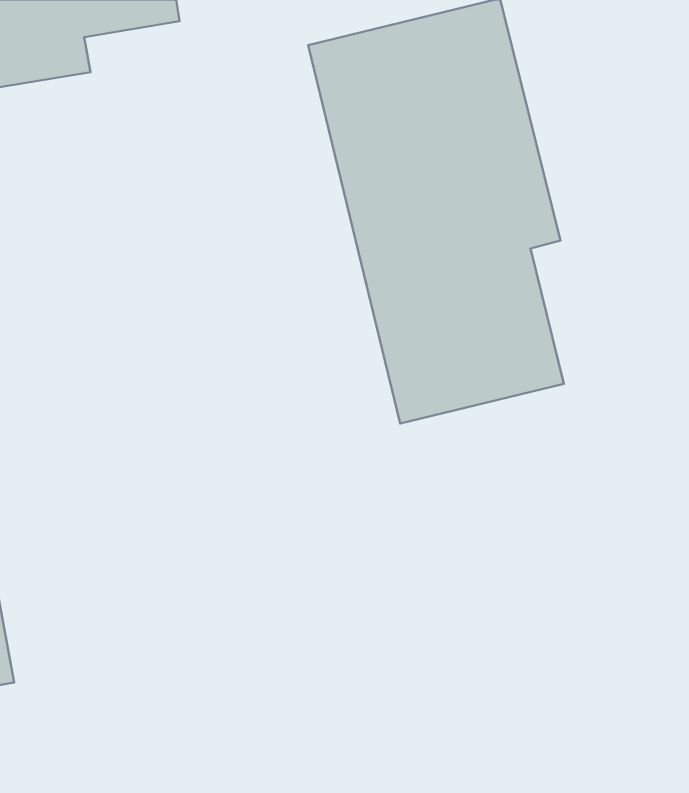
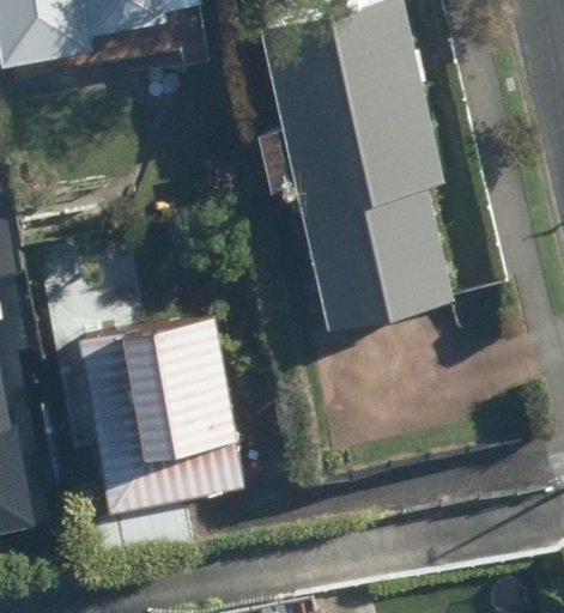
building: none -> [84,312,253,512]

